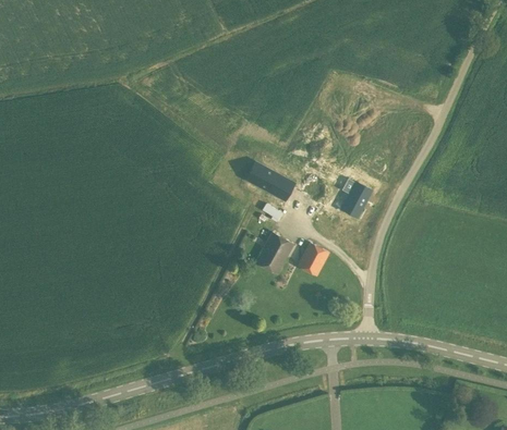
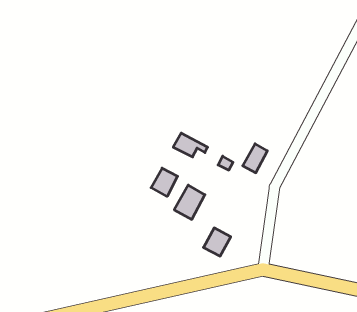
building: none -> [151,168,178,196]
building: [295,241,329,275] -> [203,228,231,256]

